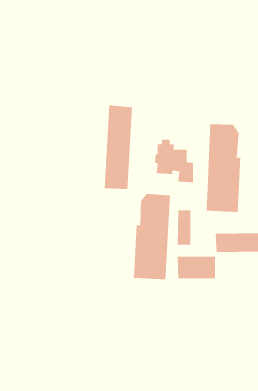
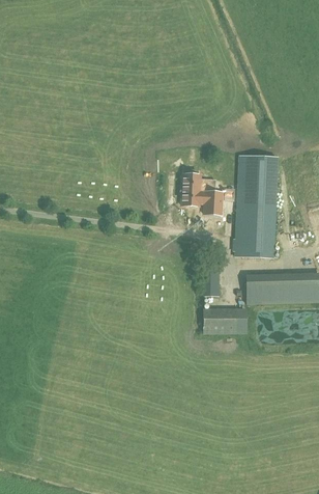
building: [104,105,132,190] -> none
building: [134,193,171,280] -> none

